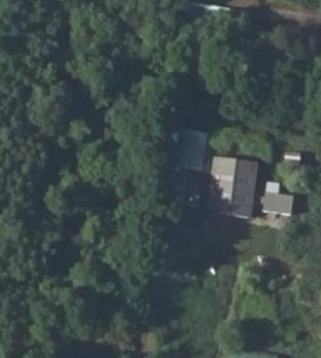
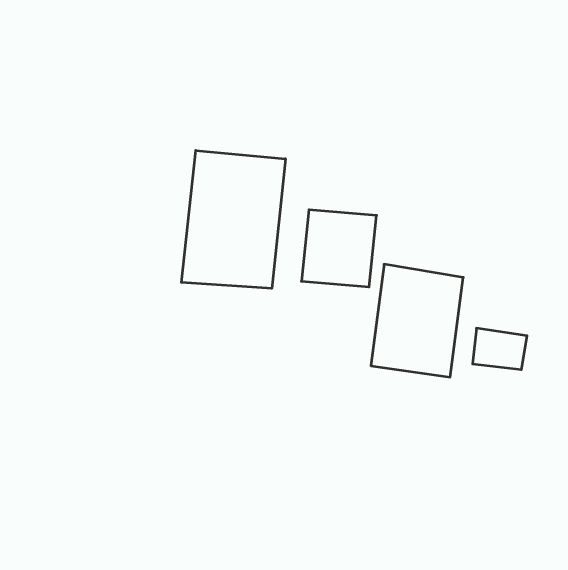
building: none -> [181,150,285,288]

